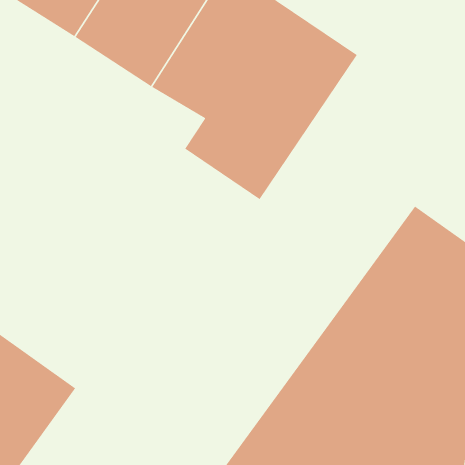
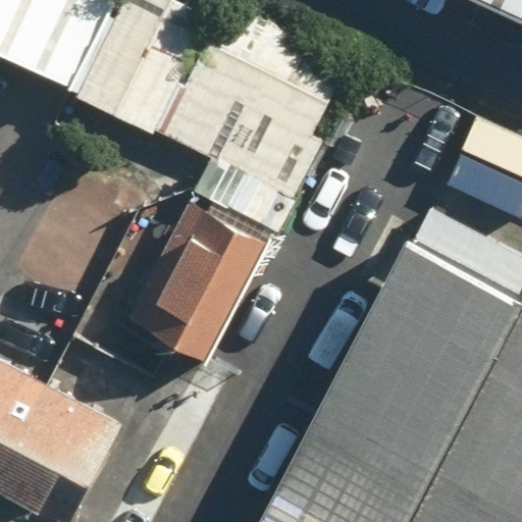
building: none -> [118,192,263,360]

